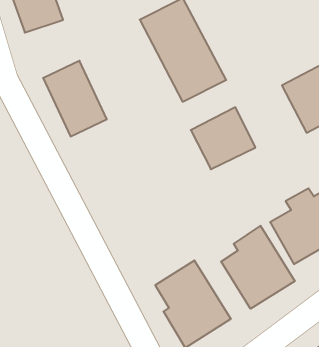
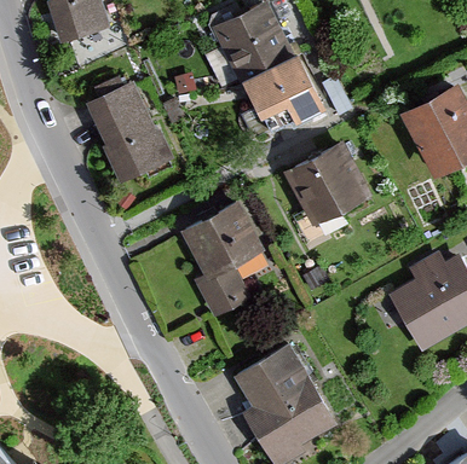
building: none -> [181,205,265,319]
building: [221,226,295,309] -> none

